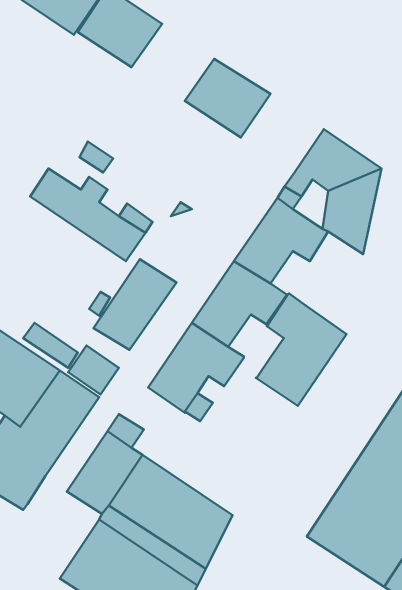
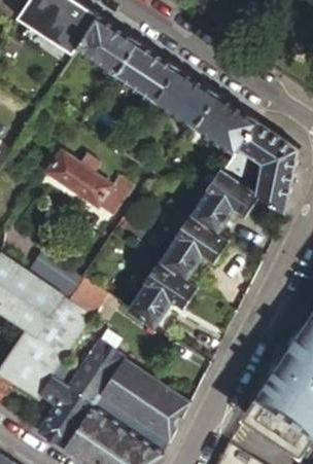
building: none -> [113,42,174,99]
building: none -> [194,94,254,151]
building: [93,259,176,350] -> none
building: [256,294,347,406] -> none
building: none -> [35,373,92,449]

